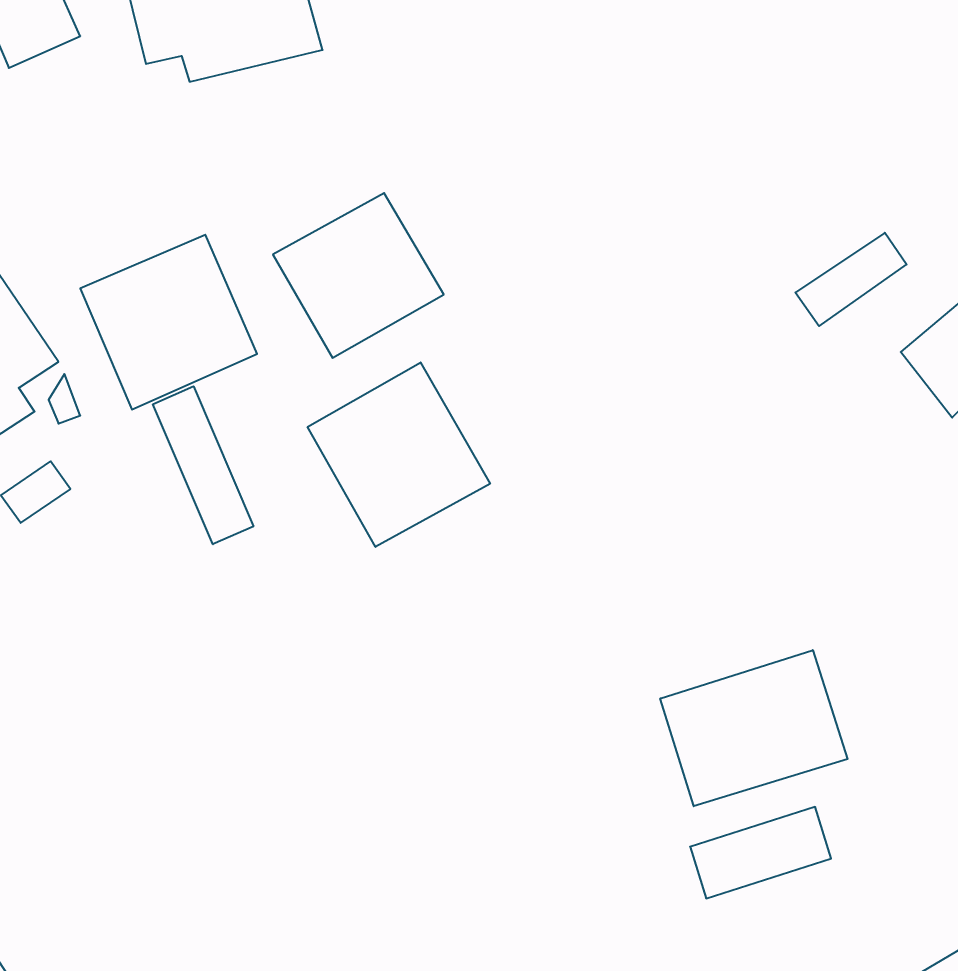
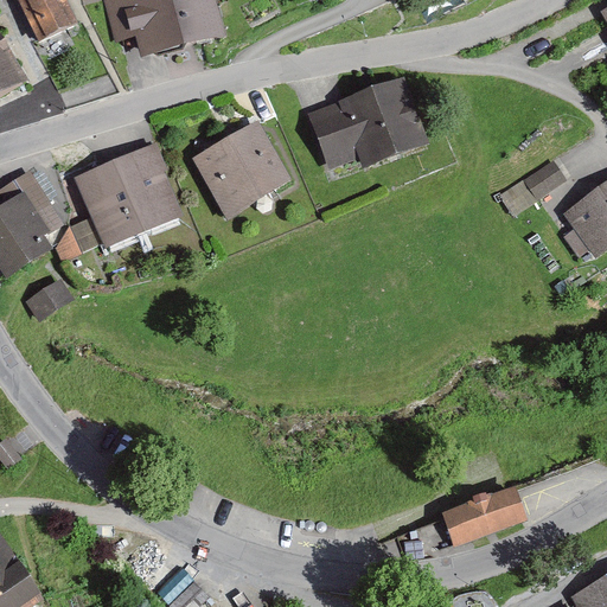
building: none -> [309,83,423,167]
building: [308,362,490,547] -> none
building: [153,386,253,544] -> none
building: [660,650,848,806] -> none

